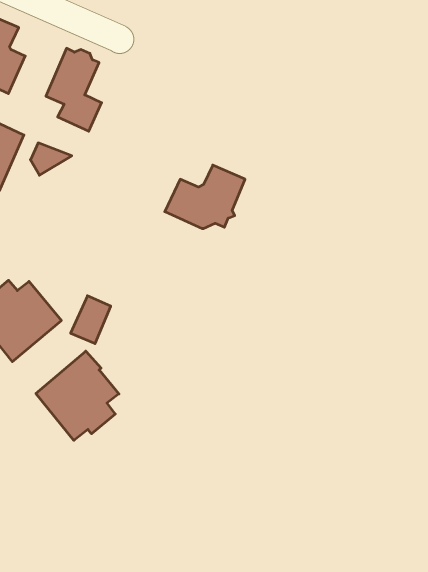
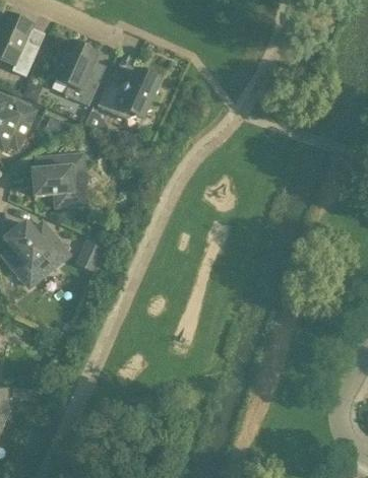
building: [165,165,245,228] -> [97,68,160,118]
building: none -> [33,153,86,206]
building: [36,351,119,440] -> none

